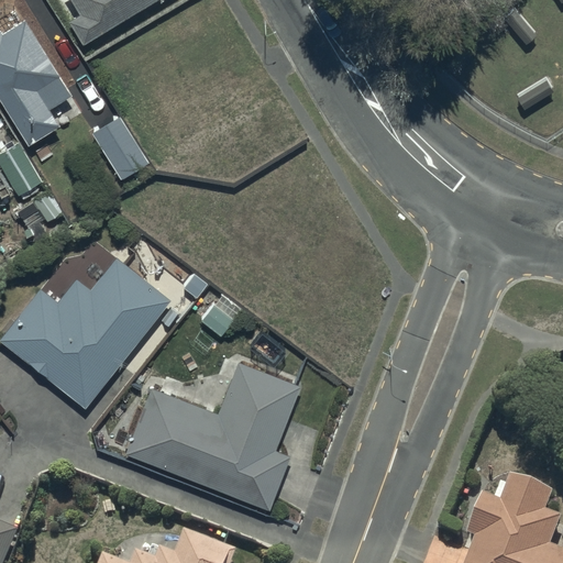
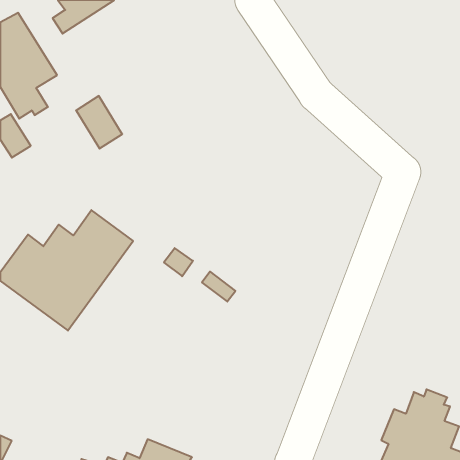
building: [122,365,298,511] -> none

